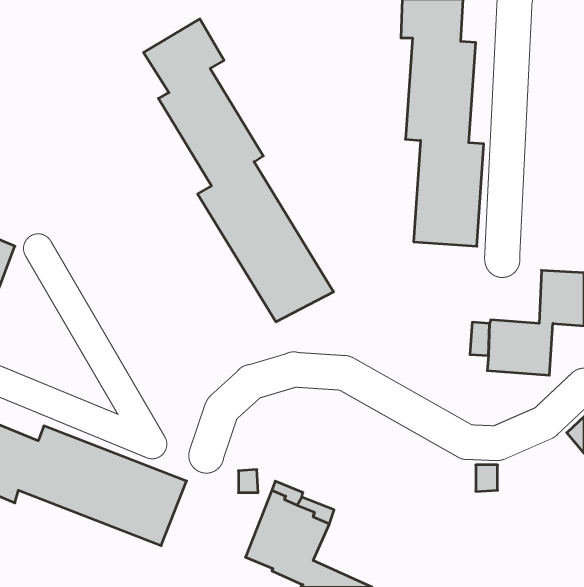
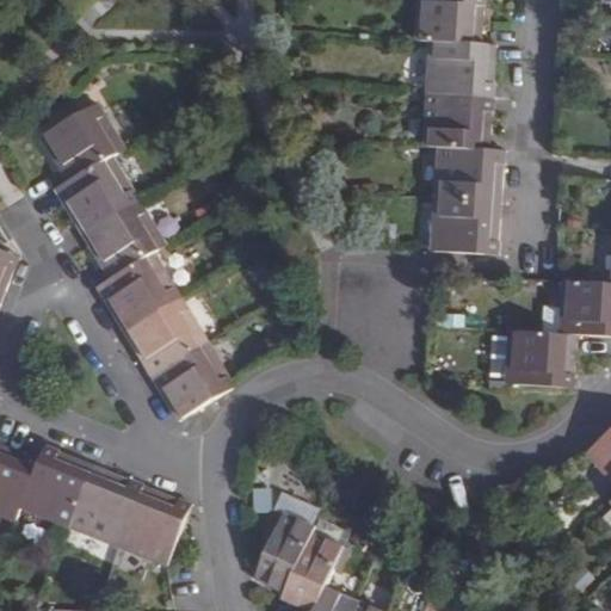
building: [144,19,334,322] -> [37,103,234,416]

